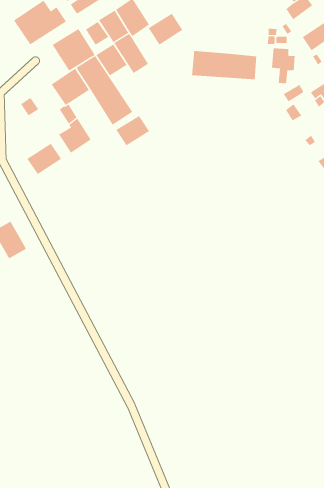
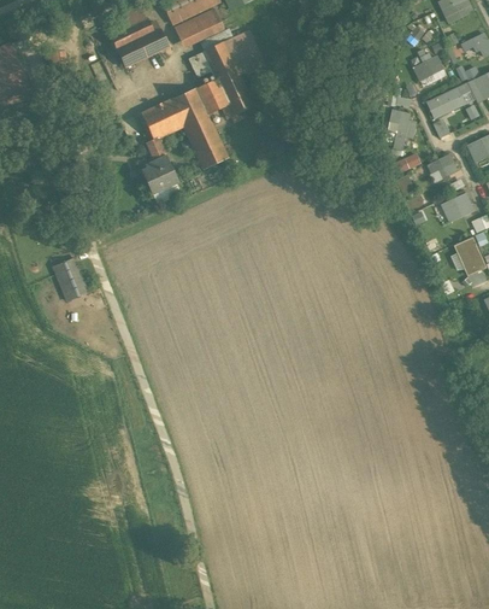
building: [148,13,184,45] -> none
building: [52,28,96,72] -> none
building: [192,50,257,80] -> none
building: [116,115,150,147] -> none
building: [26,143,62,176] -> none

